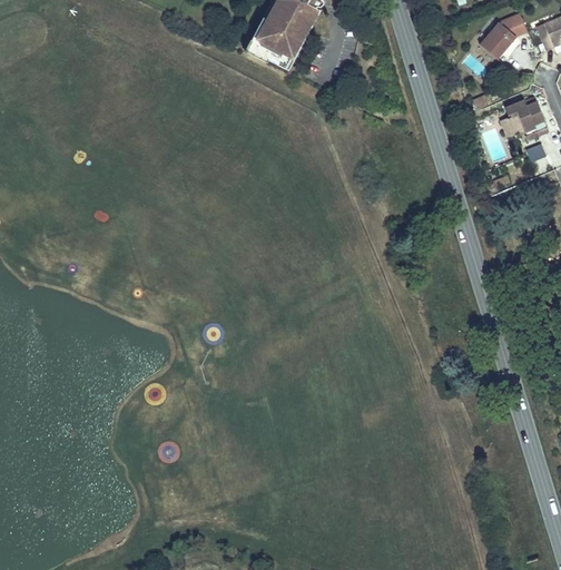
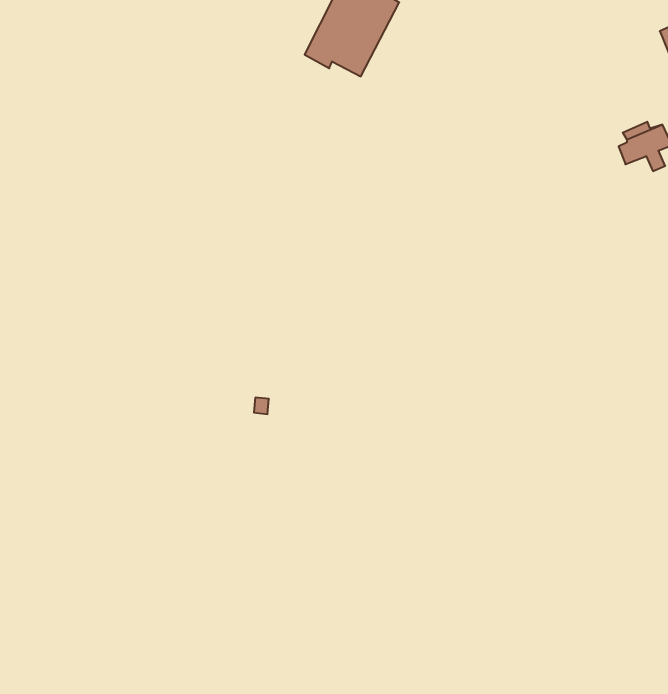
building: [480,20,518,58] -> none

